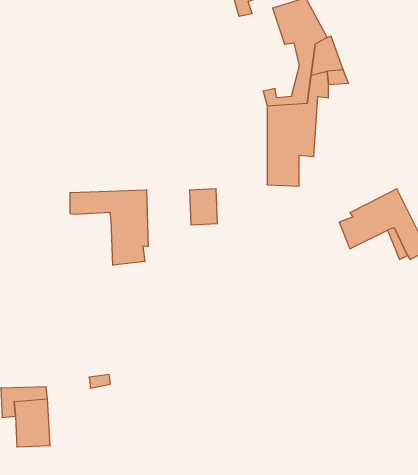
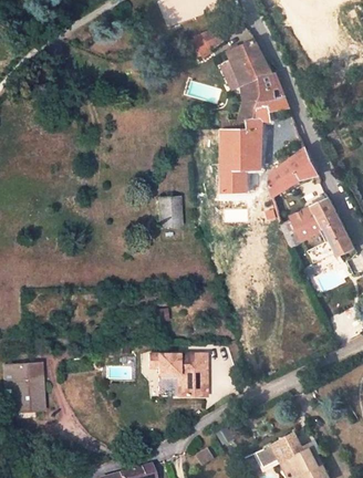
building: none -> [269,148,319,197]
building: [70,190,148,265] -> none
building: none -> [146,352,205,395]

